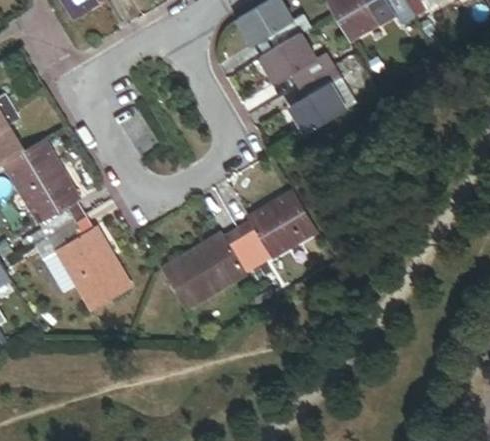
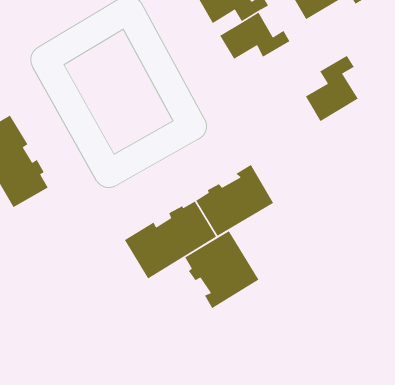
building: [290,62,346,132] -> [305,55,359,122]
building: [46,214,131,310] -> none
building: none -> [184,230,260,309]

